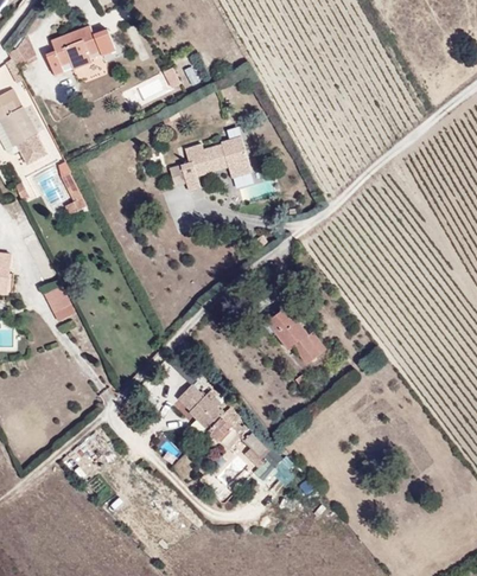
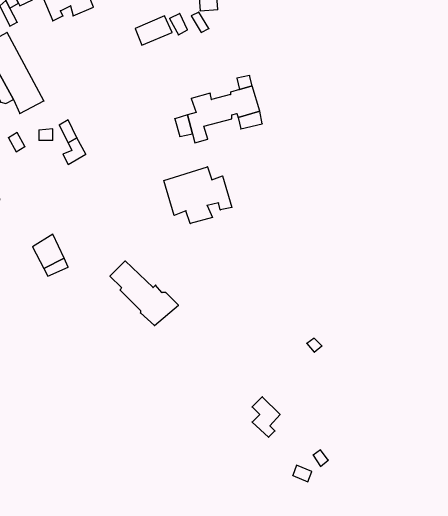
building: none -> [164,167,232,224]
building: [265,308,326,369] -> none
building: [177,383,241,443] -> [110,261,178,326]

